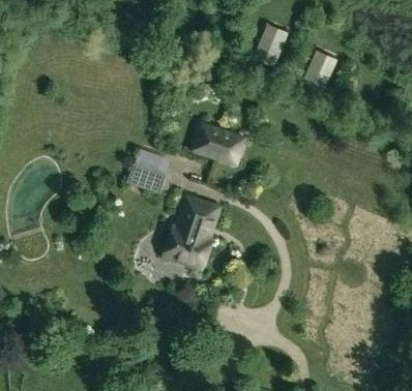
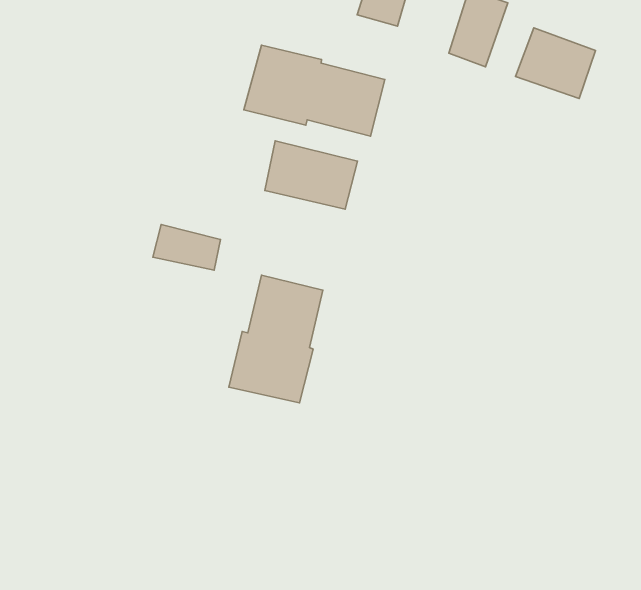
building: none -> [244,45,385,136]
building: none -> [515,28,595,99]

